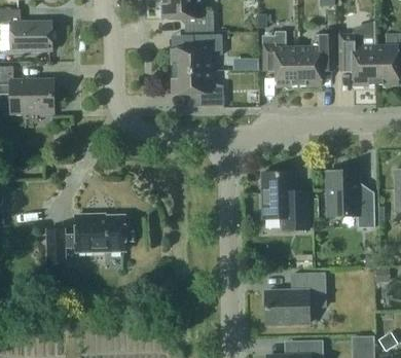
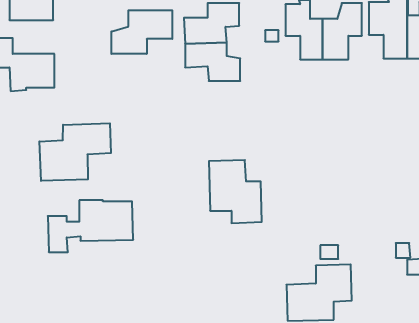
building: none -> [111,10,172,54]
building: none -> [39,123,111,181]
building: [326,170,374,227] -> none
building: [261,172,309,229] -> [209,160,262,223]

